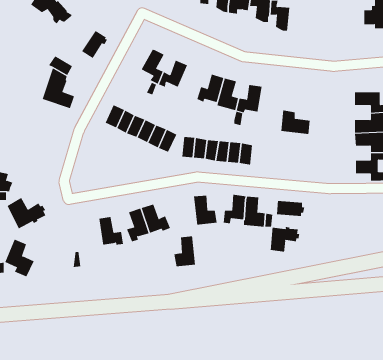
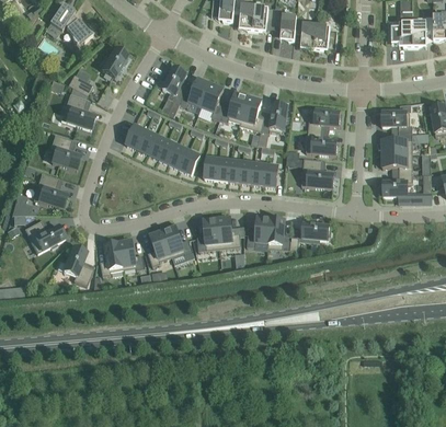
building: none -> [313,24,336,49]
building: none -> [201,83,224,118]
building: none -> [308,108,340,131]
building: none -> [49,132,80,169]
building: none -> [301,158,333,187]
building: none -> [33,172,67,207]
building: none -> [100,241,123,275]
building: [270,226,300,253] -> none
building: [174,236,196,267] -> [196,218,219,250]
building: [5,239,34,277] -> [62,245,93,285]

